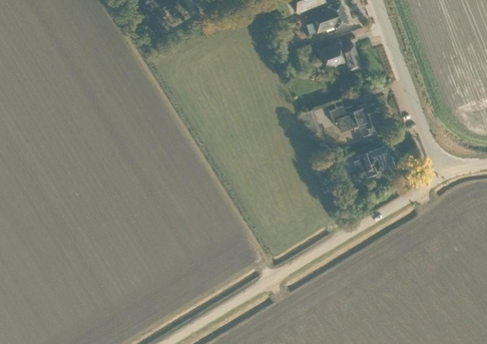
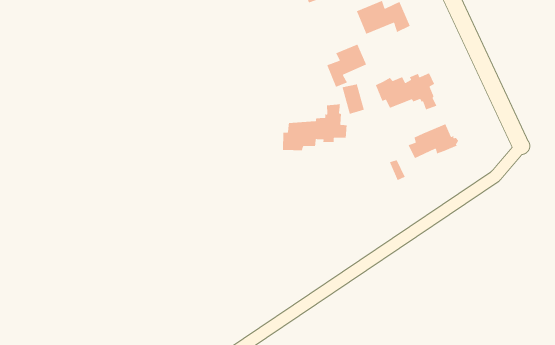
building: none -> [326,43,367,88]
building: none -> [282,103,348,151]

